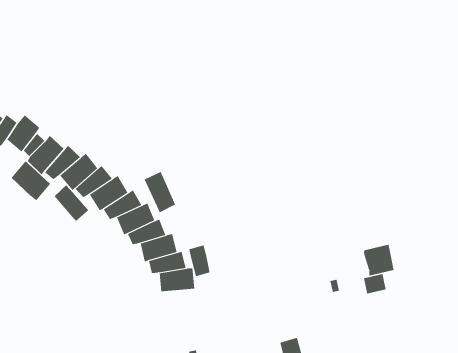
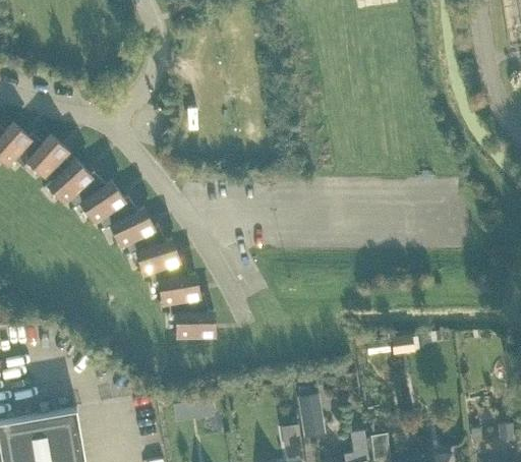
building: [11,160,51,201] -> none
building: [144,171,176,213] -> none
building: [54,184,89,222] -> none
building: [364,244,394,277] -> none
building: [189,245,210,277] -> none

